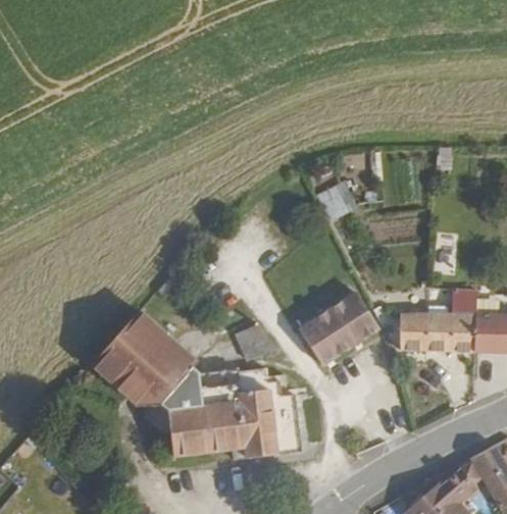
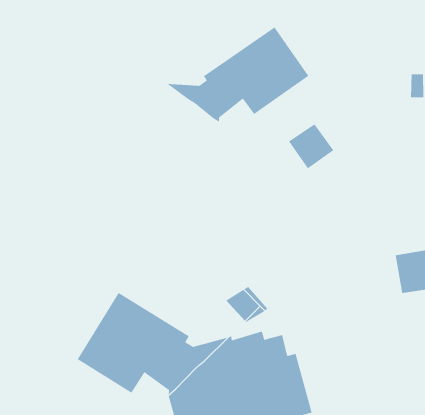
building: none -> [166,26,309,123]
building: [297,294,377,366] -> none

